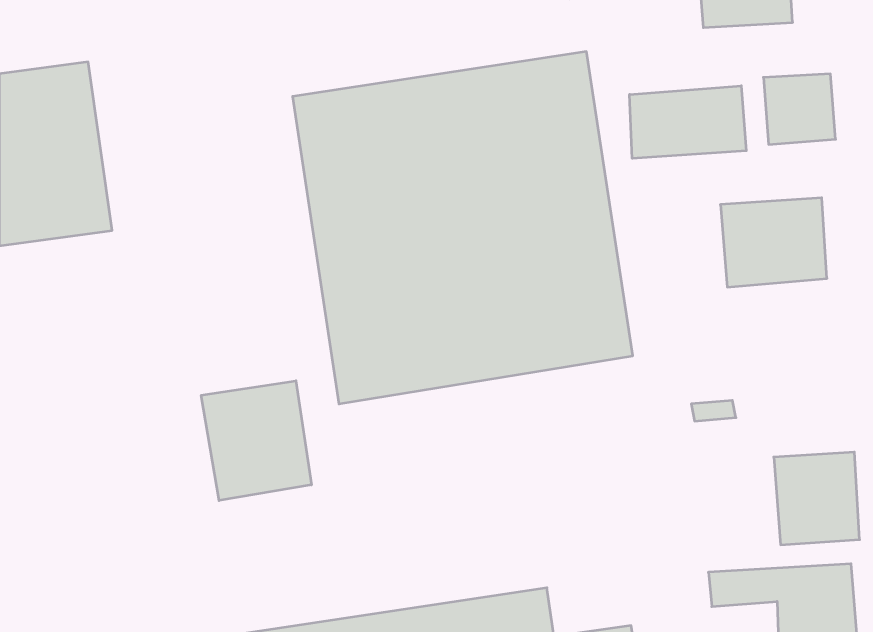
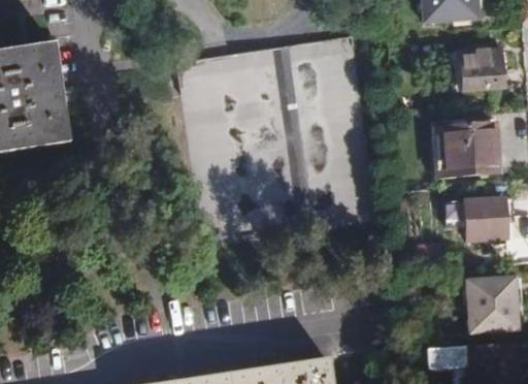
building: [630,86,746,158] -> none
building: none -> [465,196,506,239]
building: [201,381,311,501] -> none

